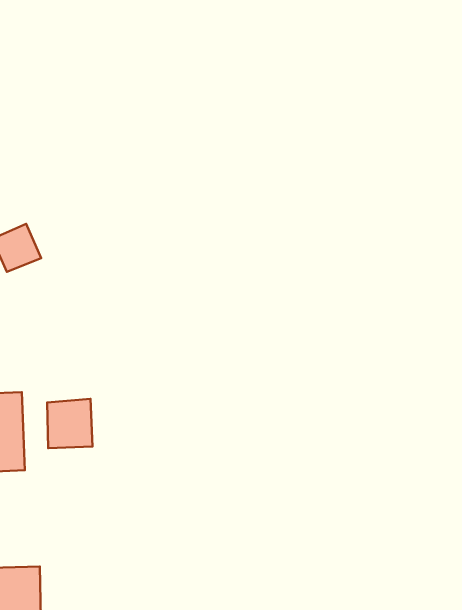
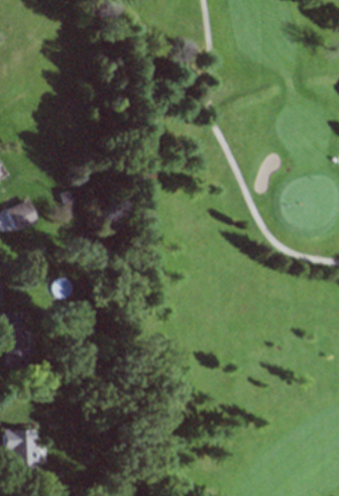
building: [47,399,92,448] -> none

